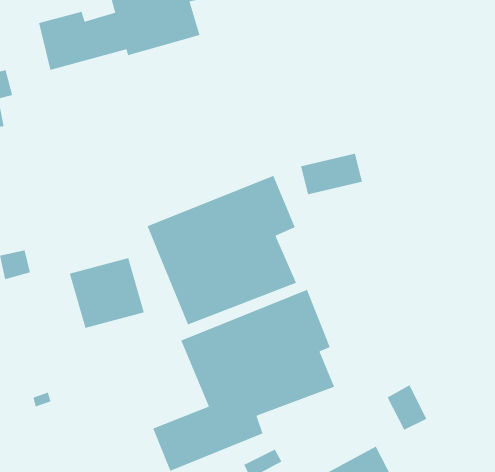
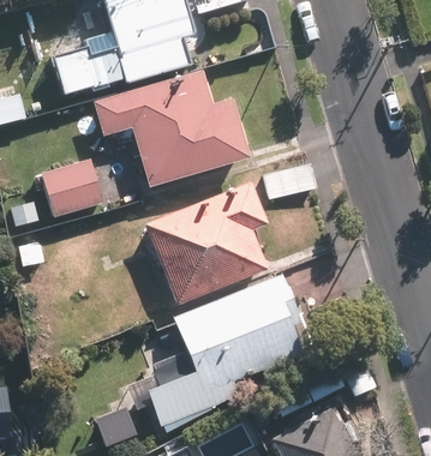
building: none -> [95,71,250,188]
building: [69,257,145,329] -> [46,157,108,216]

